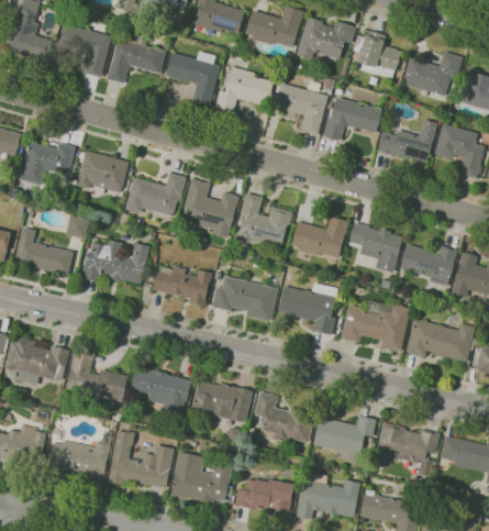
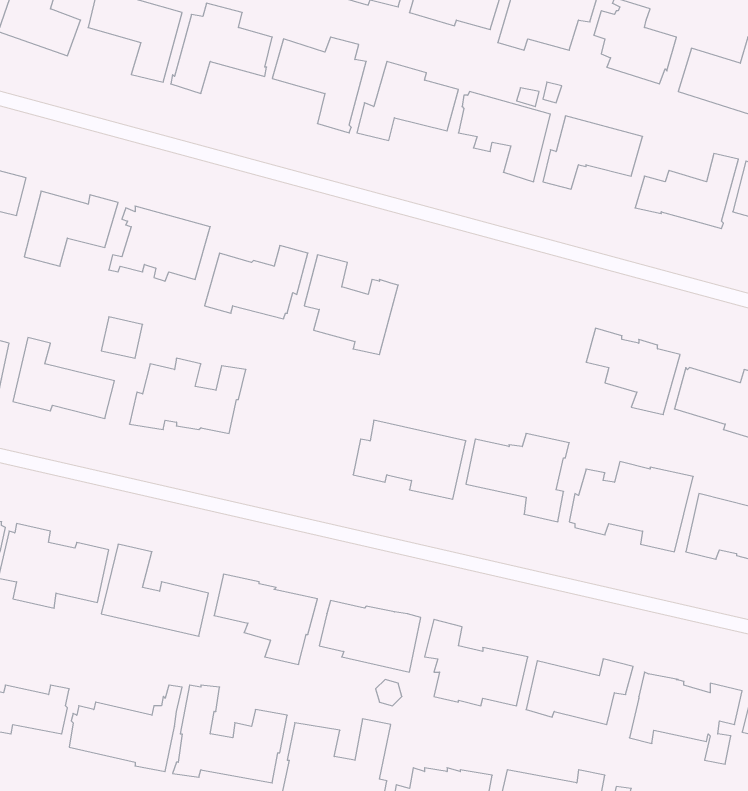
building: [235,192,292,248] -> none
building: [291,215,347,257] -> none
building: [153,265,212,306] -> none

